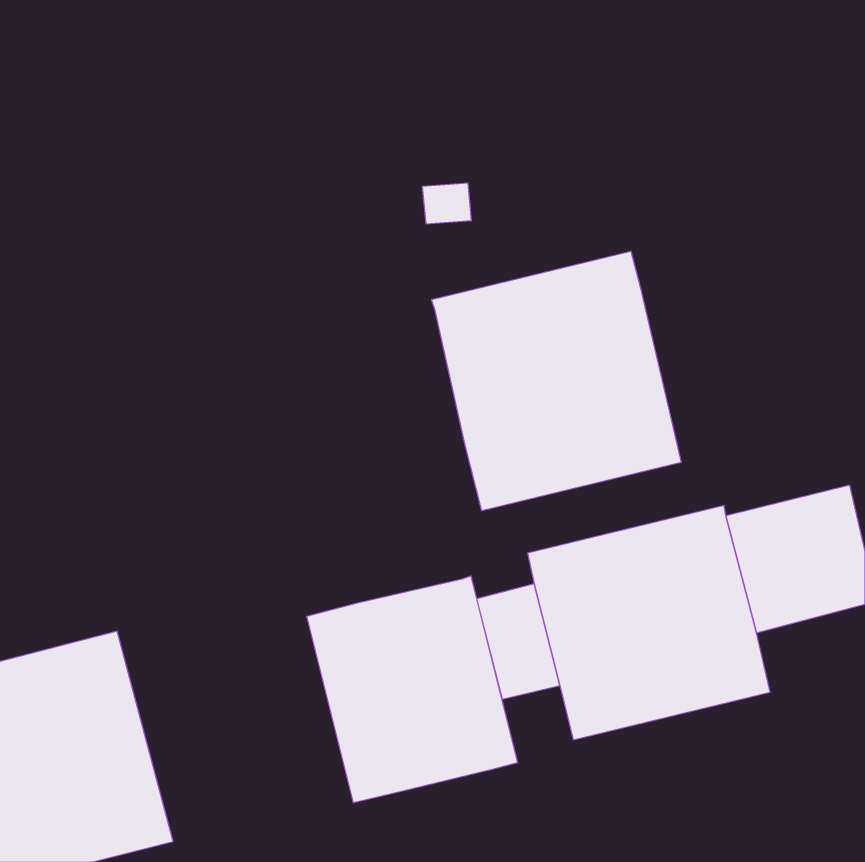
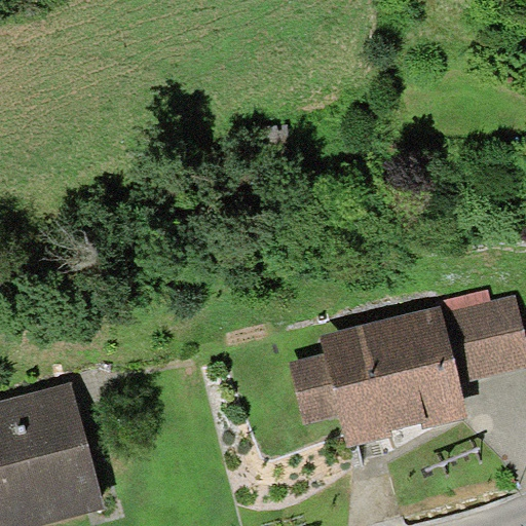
building: [432,251,681,511] -> none
building: [307,576,518,803] -> none

